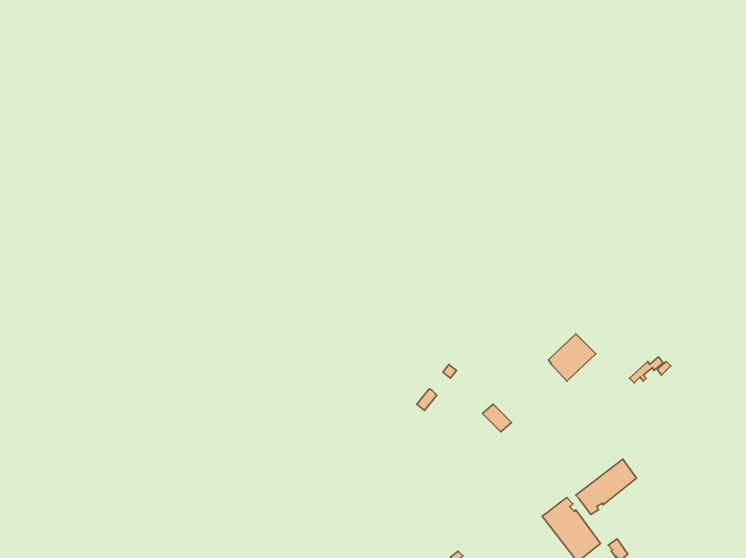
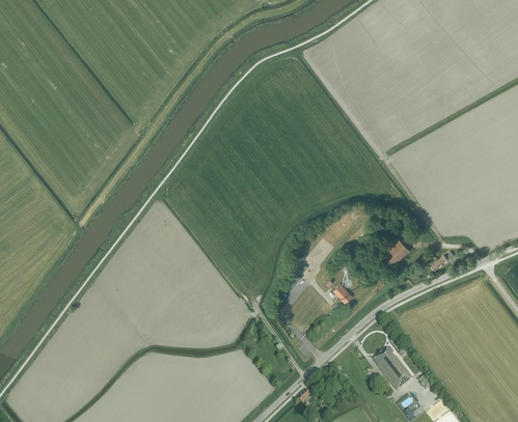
building: [576,459,637,514] -> none

